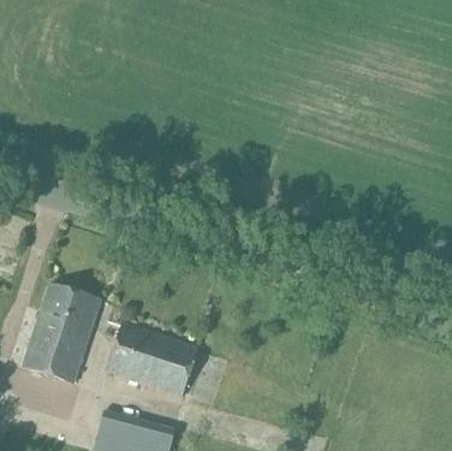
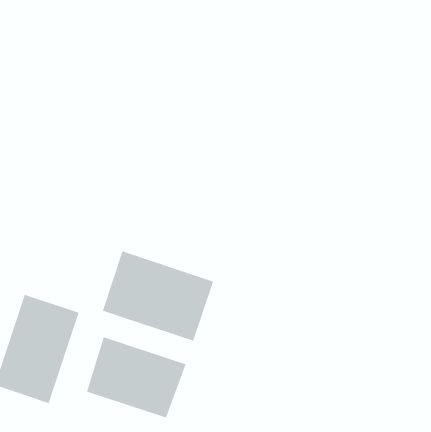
building: none -> [102,251,214,342]

